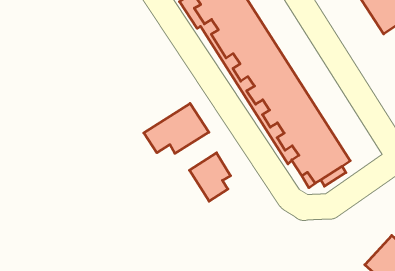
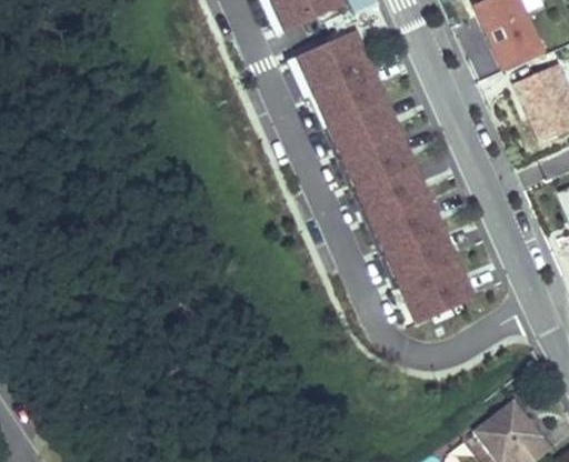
building: [144,103,209,153] -> none
building: [189,153,231,201] -> none

